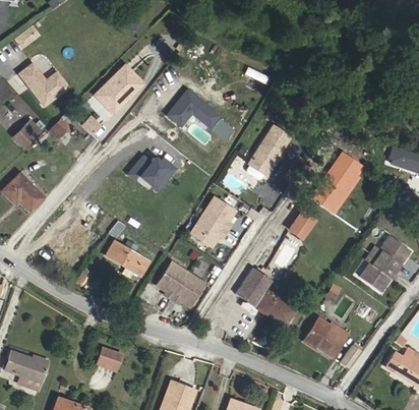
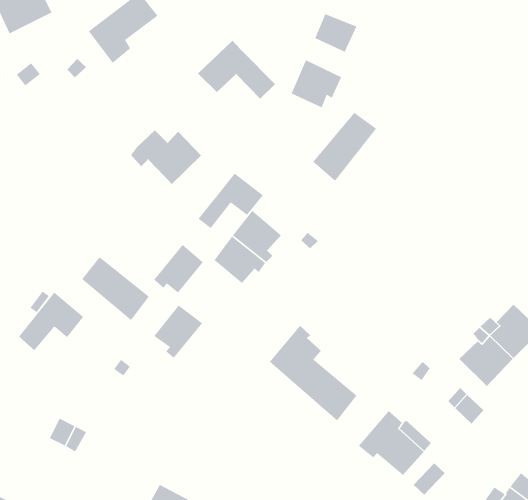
building: none -> [290,59,342,109]
building: [312,149,367,210] -> none
building: none -> [197,173,264,229]
building: [291,208,318,236] -> none
building: none -> [18,291,84,351]
building: [174,275,205,307] -> [153,244,204,294]

